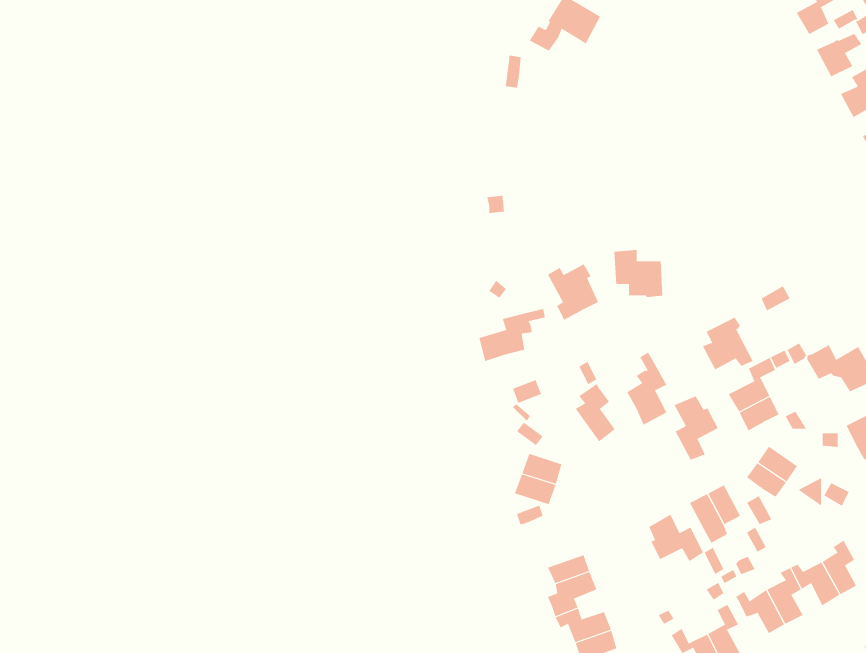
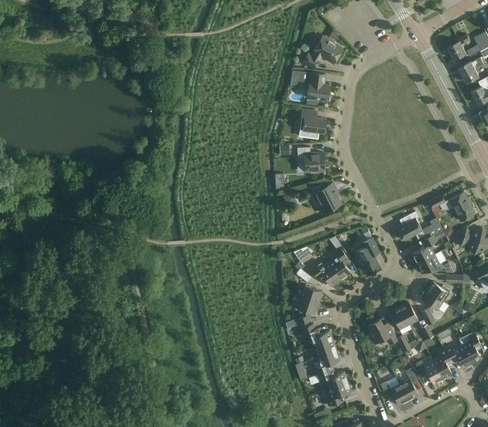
building: none -> [307,73,330,101]
building: none -> [299,110,325,139]
building: [614,250,663,298] -> [297,147,324,173]
building: none -> [449,192,475,221]
building: [479,308,545,362] -> none
building: [674,395,718,461] -> none
building: none -> [311,262,341,286]
building: none -> [301,324,333,348]

